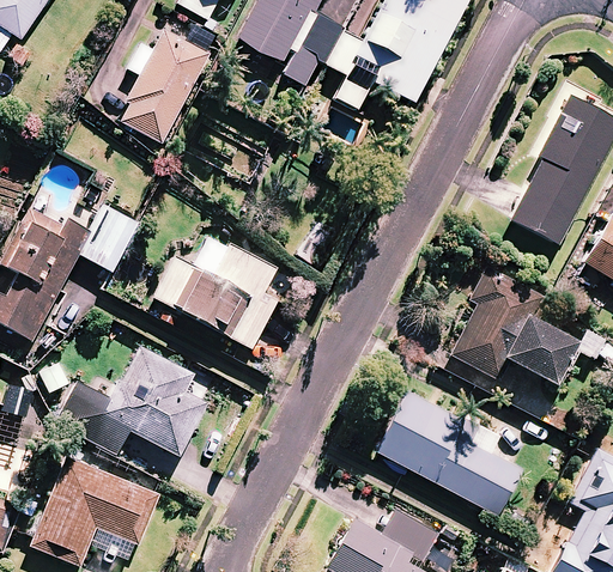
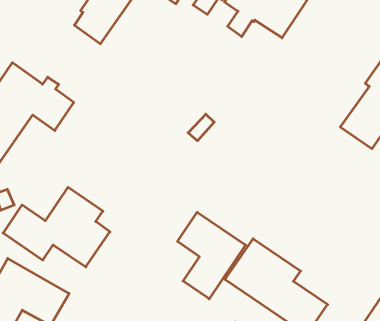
building: [152,244,278,349] -> none
building: [451,264,576,388] -> none
building: none -> [178,212,246,299]

